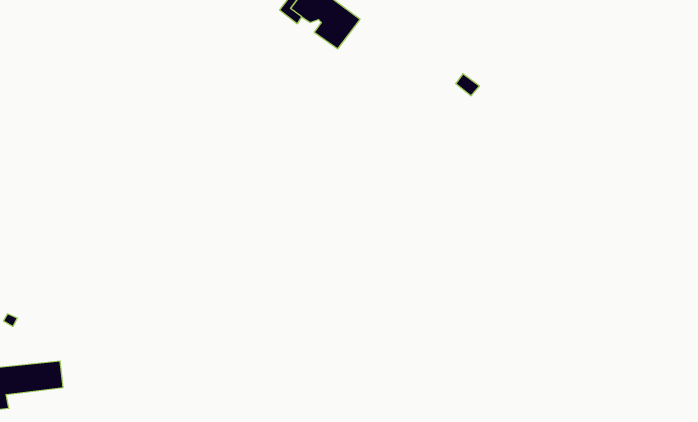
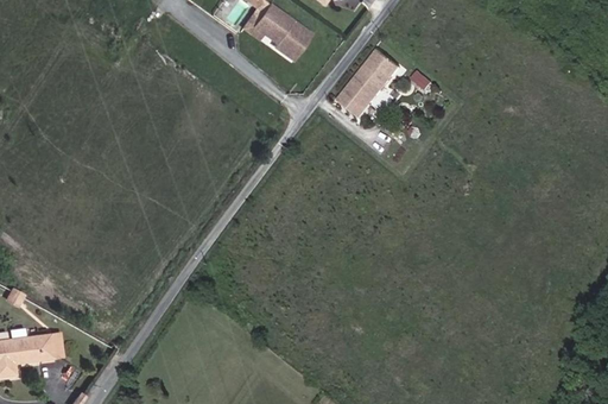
building: none -> [336,51,397,119]

